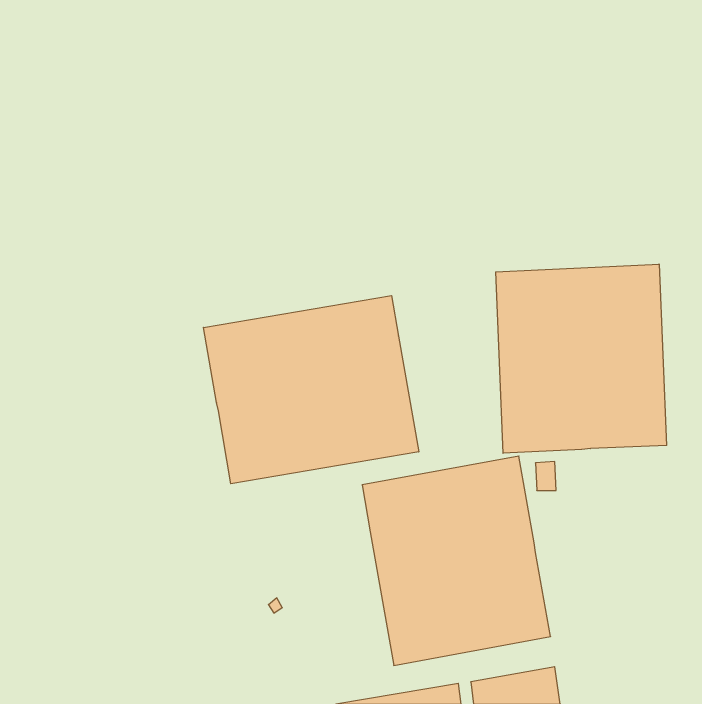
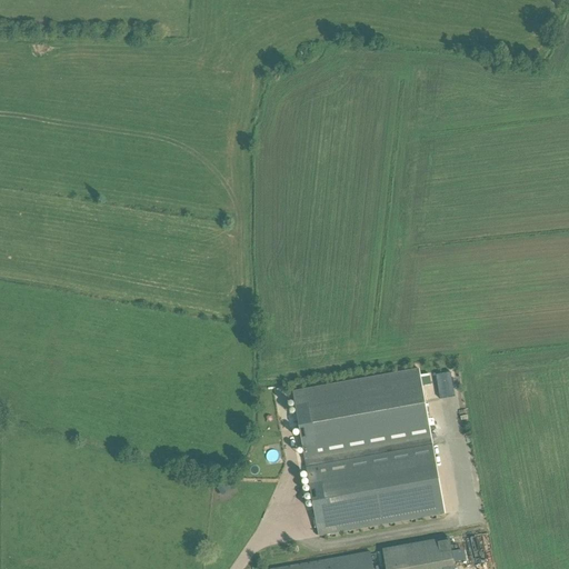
building: [496,264,667,453] -> none
building: [203,296,419,484] -> none

